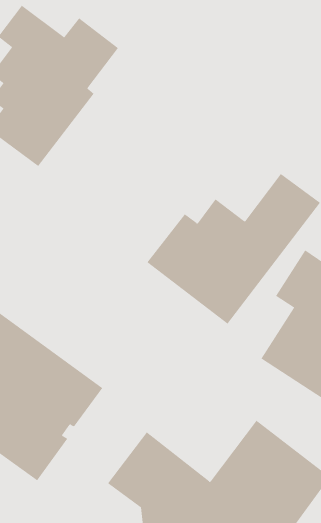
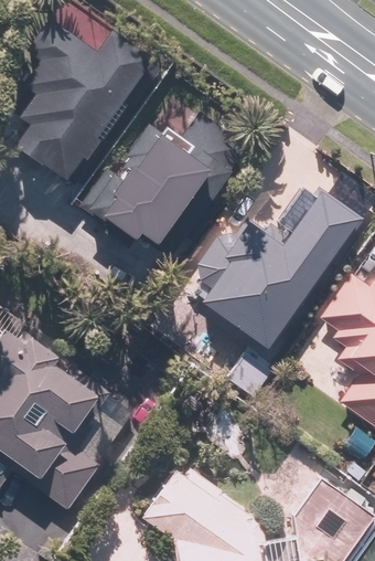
building: none -> [86,112,249,242]

